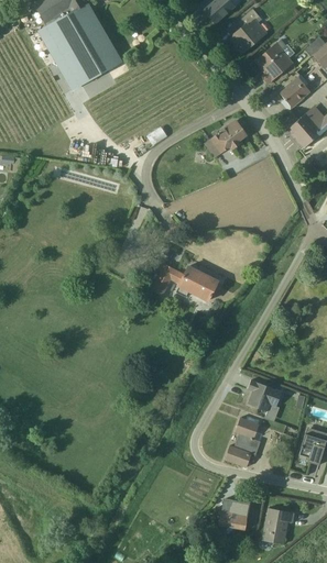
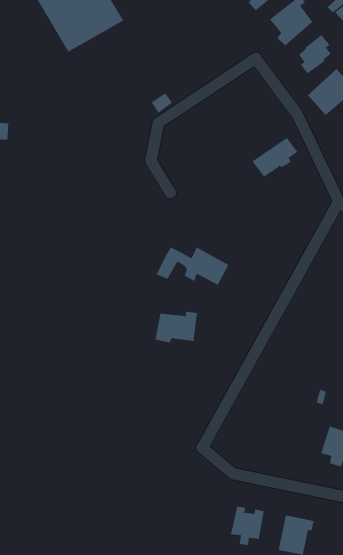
building: [205,121,247,157] -> [252,137,298,177]
building: none -> [155,311,198,343]
building: [248,379,282,410] -> none
building: [226,417,261,466] -> none

